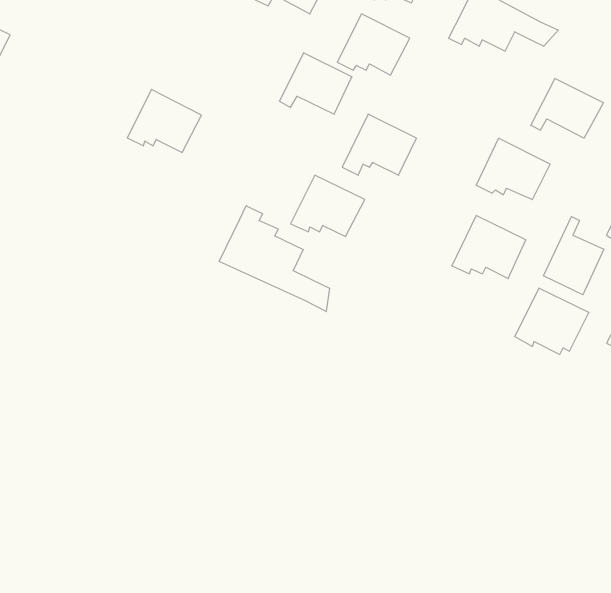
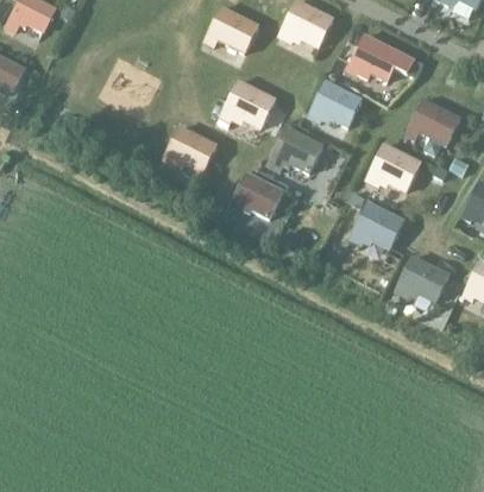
building: [337,14,410,75] -> [308,80,362,125]
building: [127,89,201,152] -> [163,126,218,172]
building: [219,206,330,312] -> none
building: [544,217,604,295] -> none

